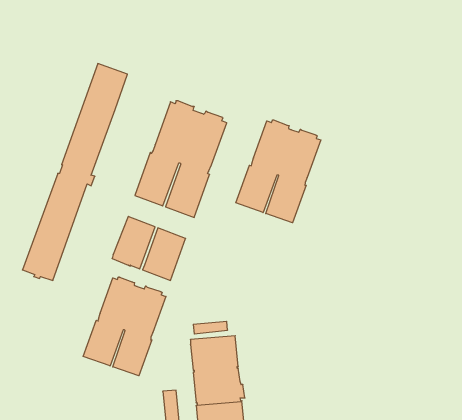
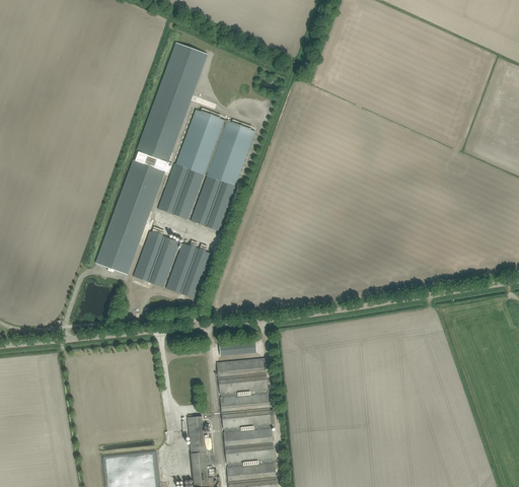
building: [22,64,127,280] -> [95,43,207,273]
building: [236,120,321,223] -> none
building: [83,277,166,376] -> none

